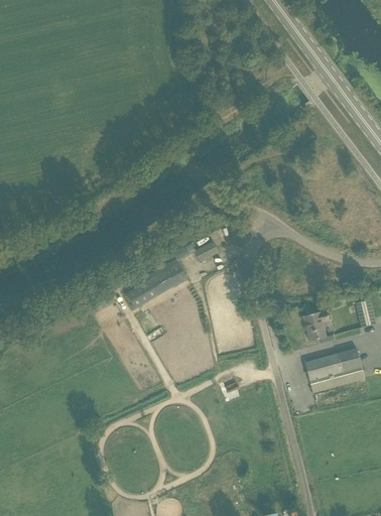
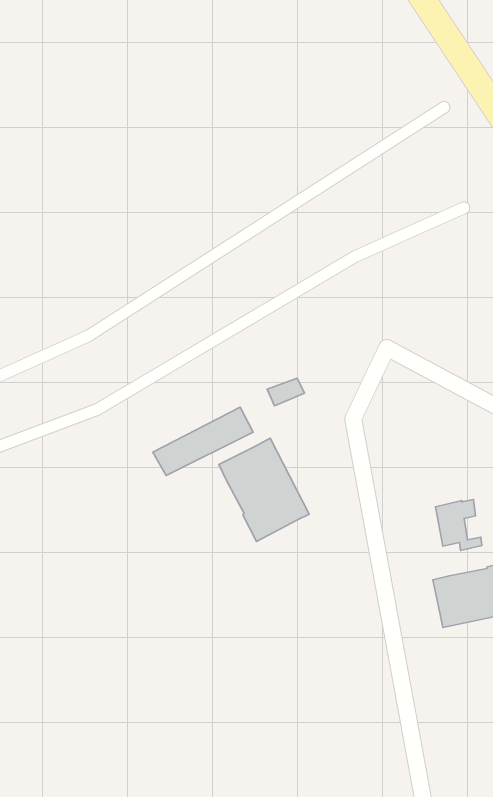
building: none -> [219,438,309,542]

